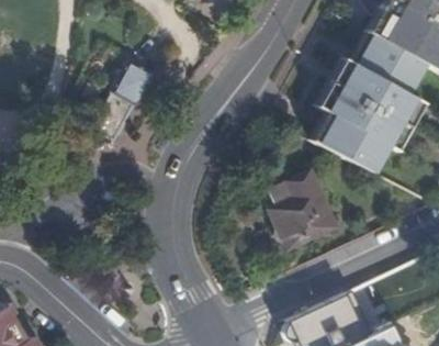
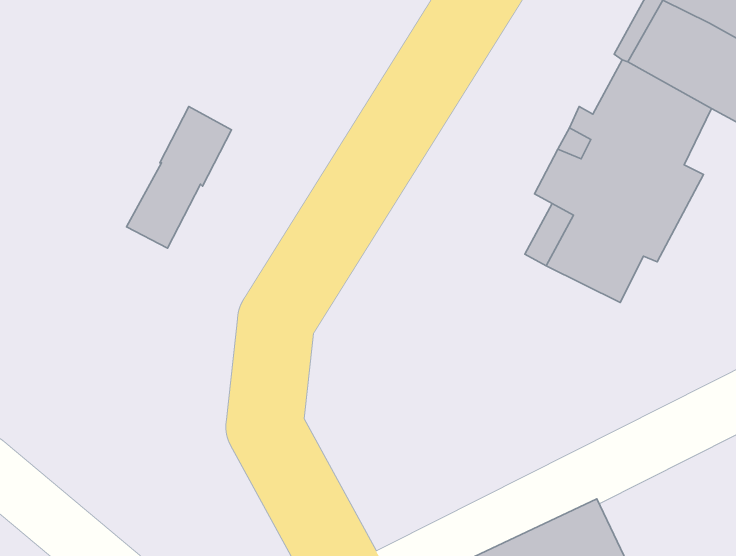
building: [270,171,337,248] -> none

